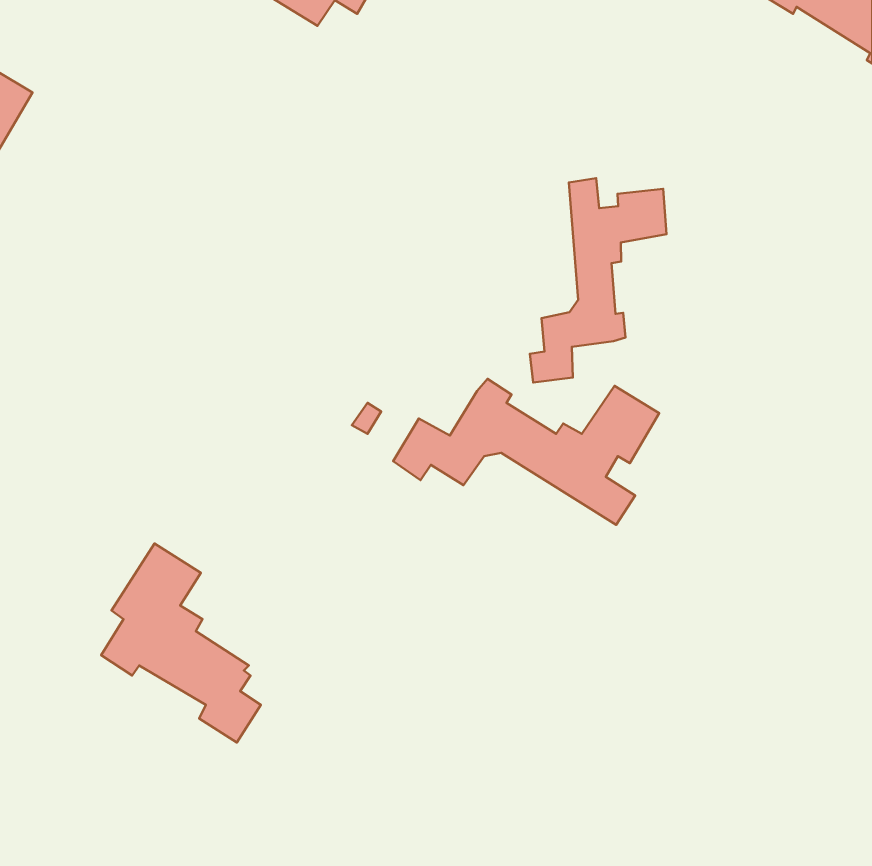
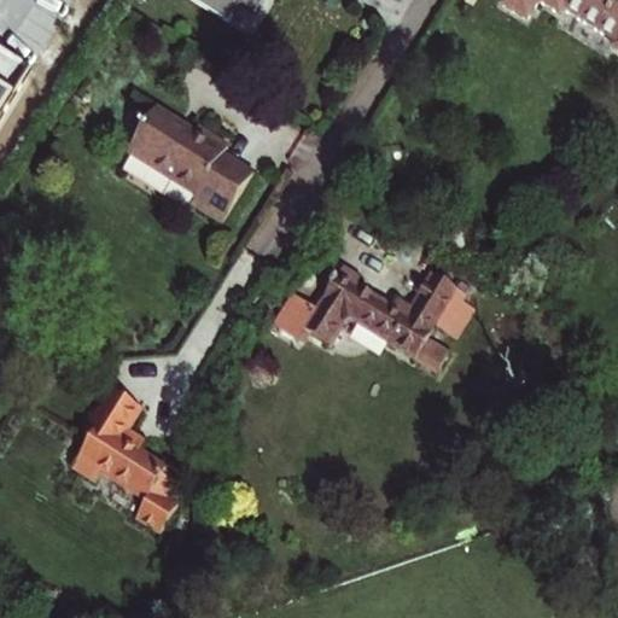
building: none -> [127,106,251,220]
building: [530,178,667,383] -> none

